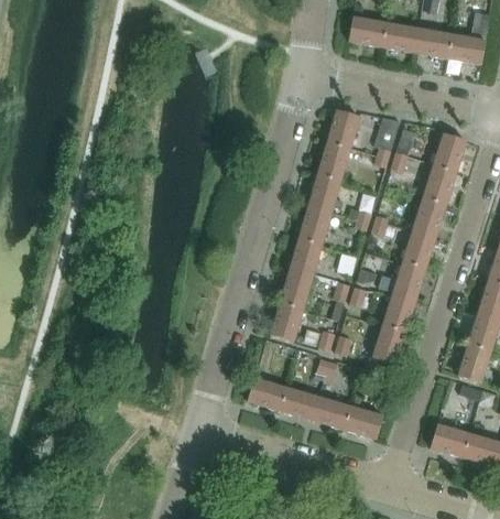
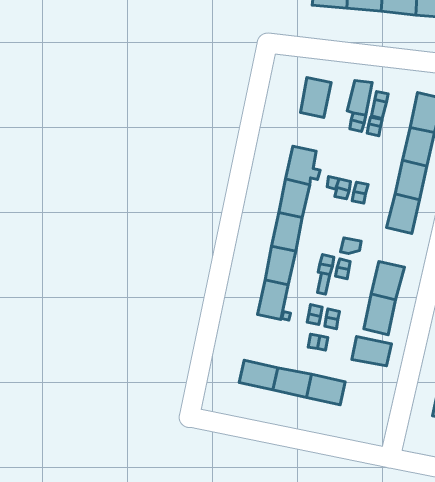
building: [318,142,350,181] -> none
building: [378,260,426,300] -> none
building: [344,406,383,436] -> [352,336,392,366]

